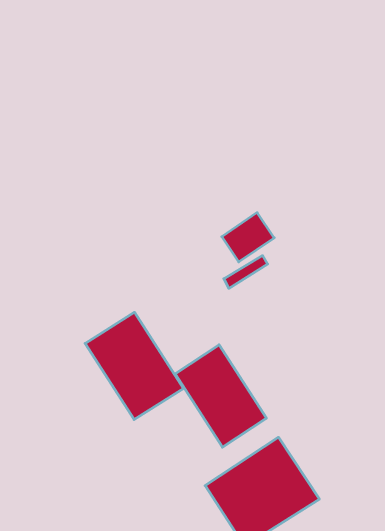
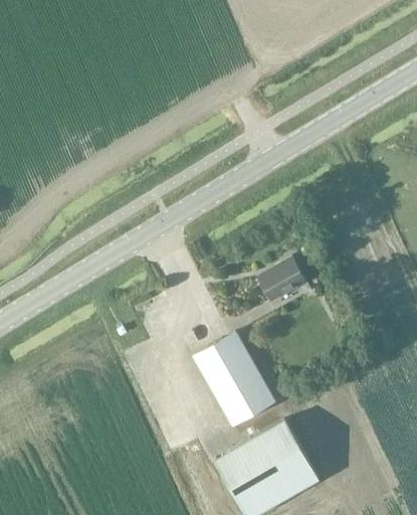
building: [222,213,274,262] -> [258,260,306,304]
building: [85,312,183,420] -> none

